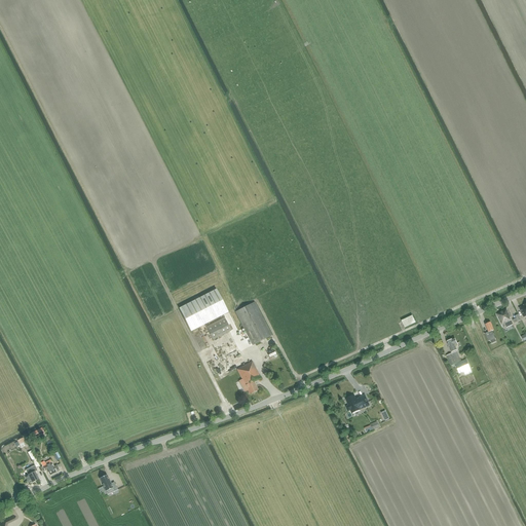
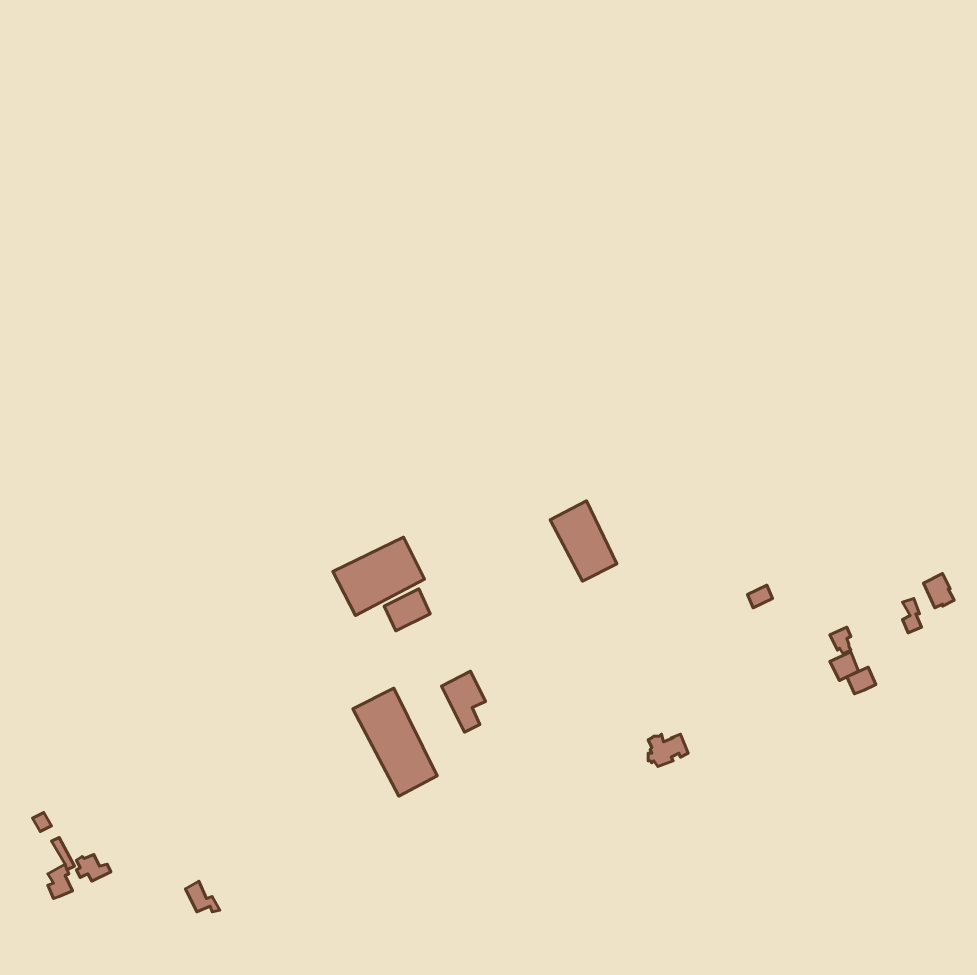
building: [235,301,271,344] -> [550,501,617,581]
building: none -> [353,688,437,796]

